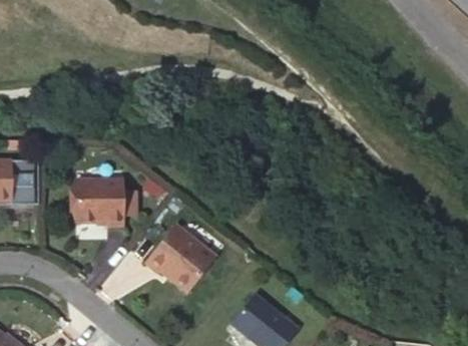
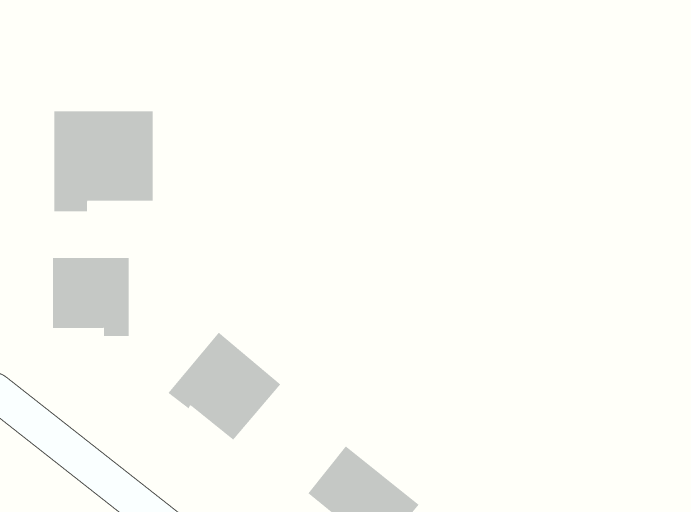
building: none -> [54,111,153,212]

